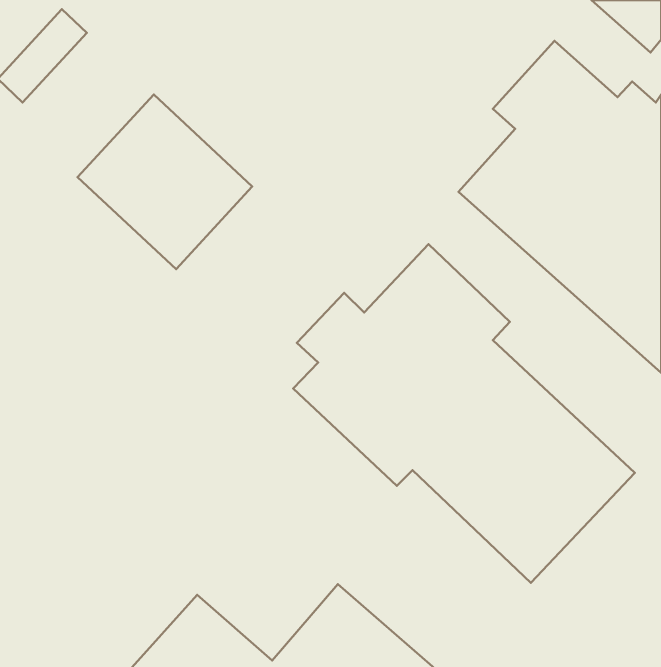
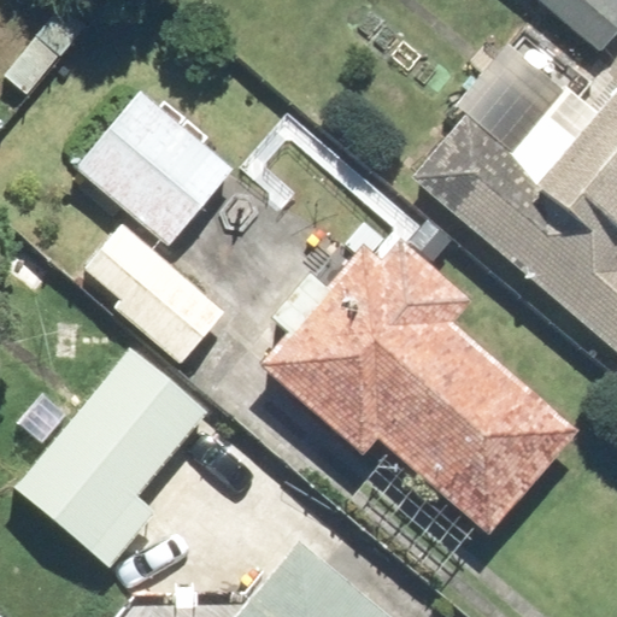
building: none -> [82,227,224,368]
building: none -> [13,345,208,569]

